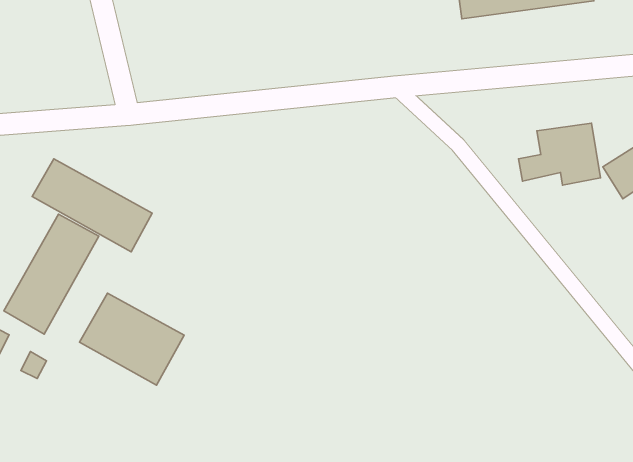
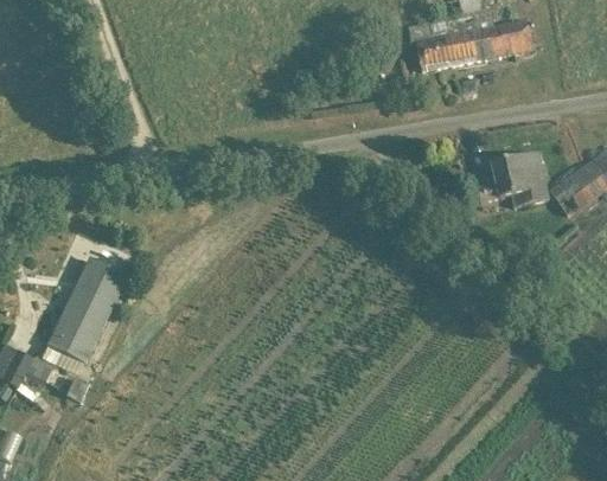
building: [32,159,152,252] -> none
building: [80,293,184,385] -> none

